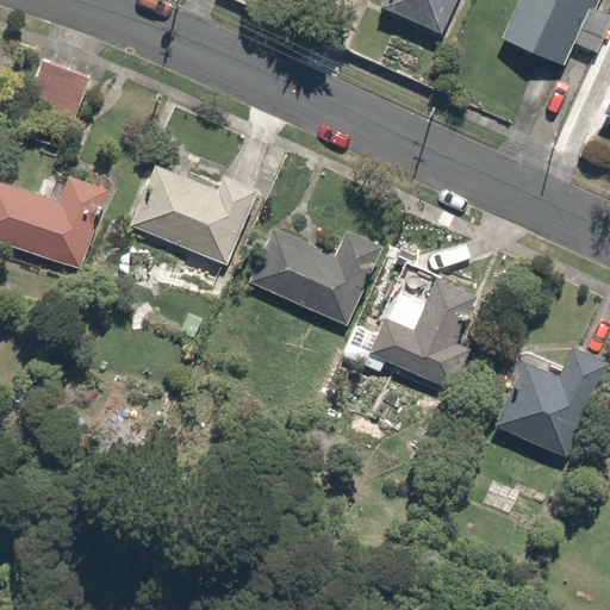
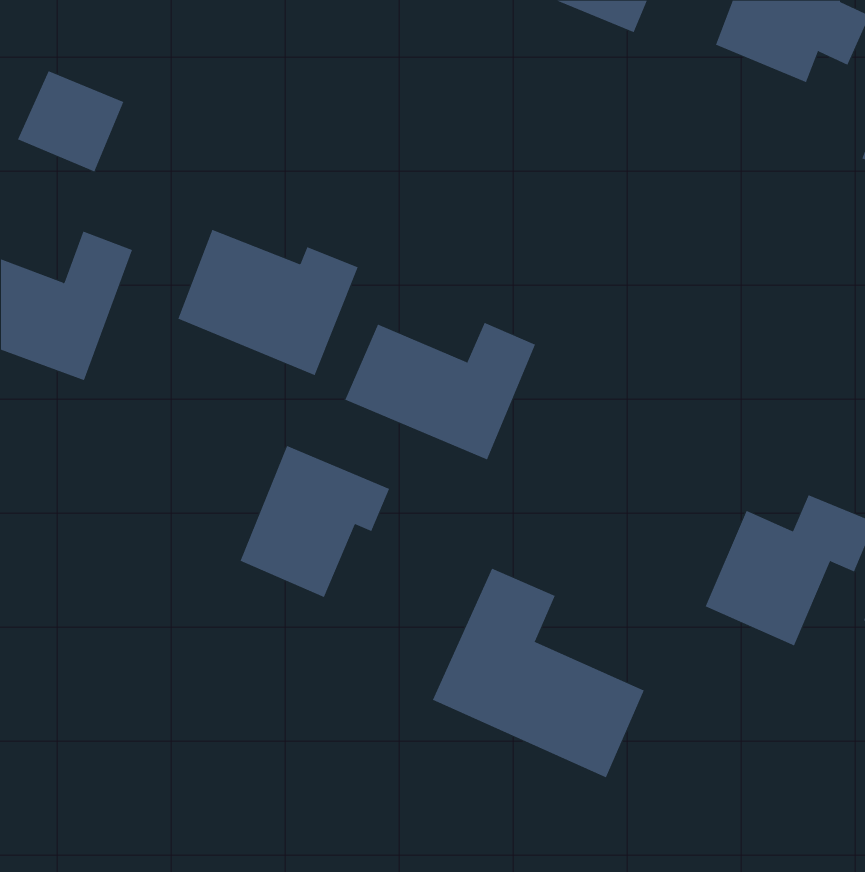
building: [367,276,471,386] -> none
building: none -> [240,445,390,598]
building: none -> [432,568,645,778]

